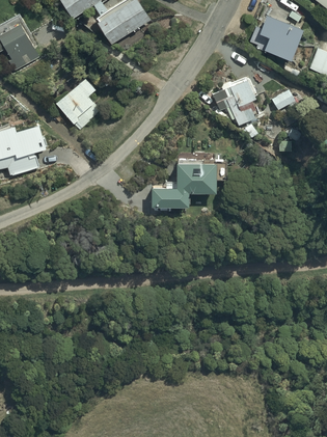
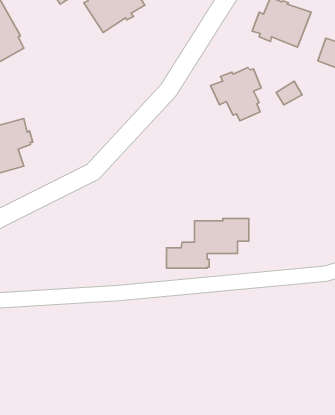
building: [55,77,102,132] -> none
building: [151,159,226,204] -> [166,218,249,268]

